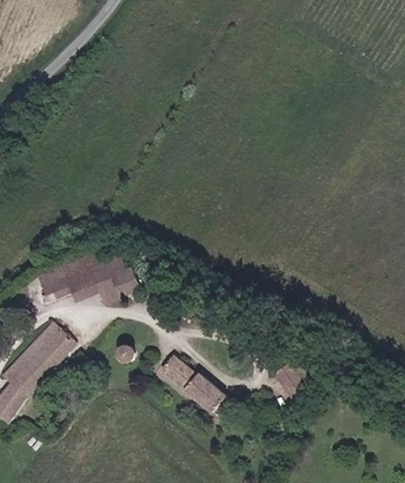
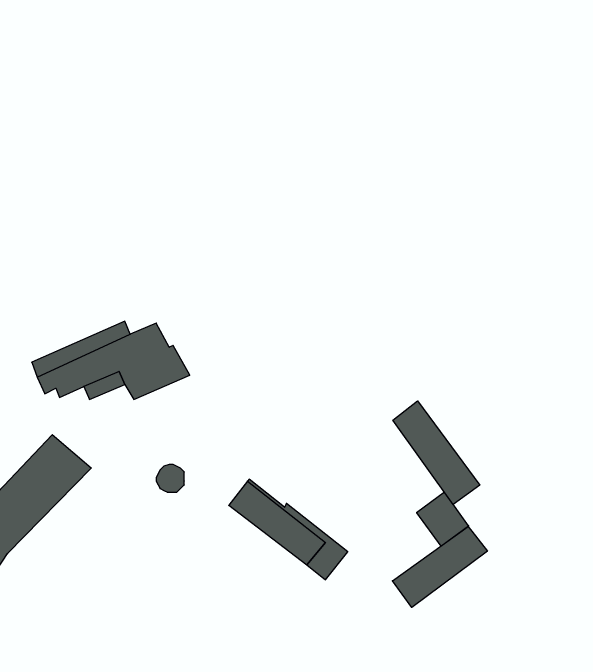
building: none -> [393,401,480,504]
building: none -> [392,527,487,607]

